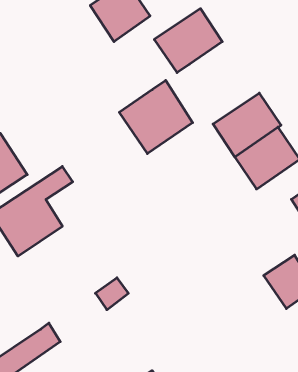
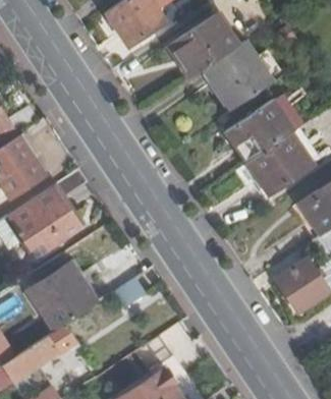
building: [119,80,193,154] -> [203,38,275,110]
building: none -> [30,265,96,331]

